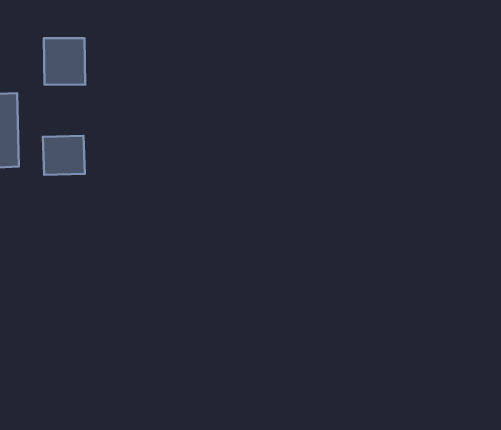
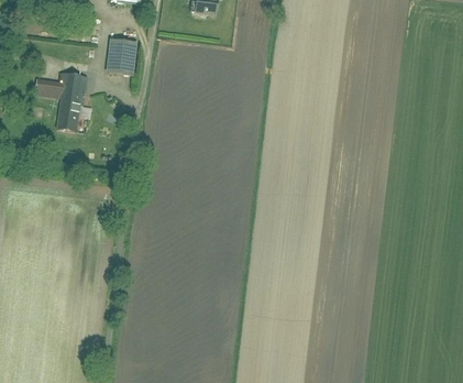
building: [43,136,85,175] -> none

